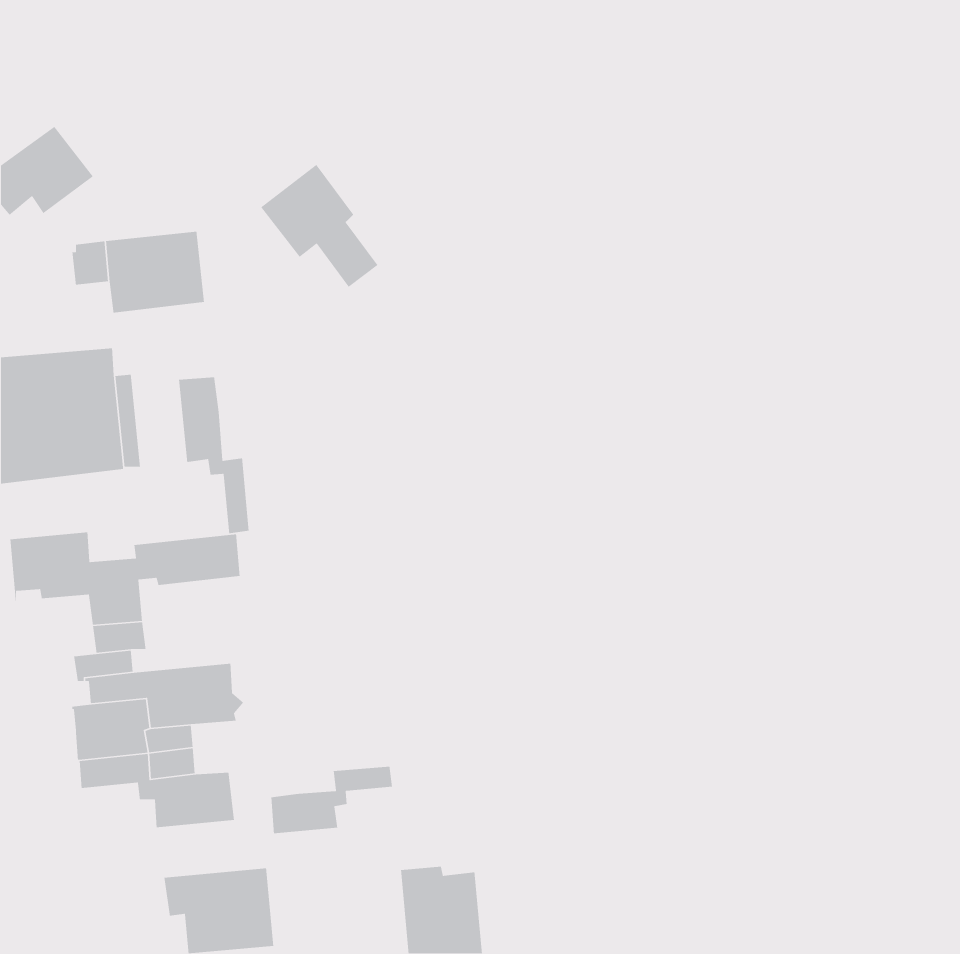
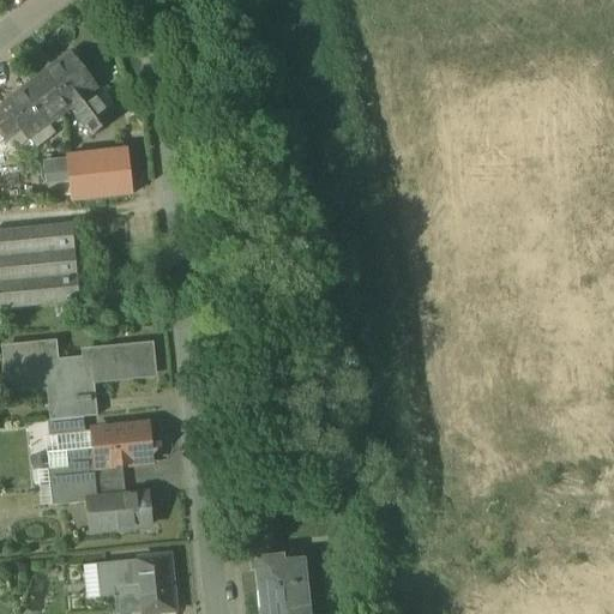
building: [260,164,378,288] -> [35,53,110,132]
building: [178,377,249,534] -> none
building: [270,766,393,834] -> none

